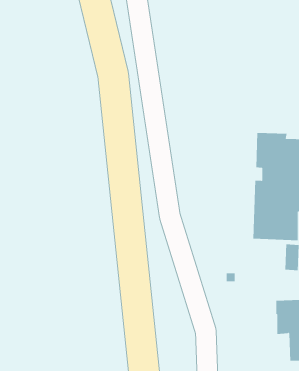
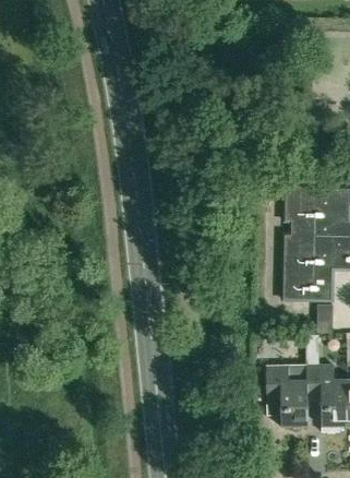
building: none -> [266,366,309,427]

